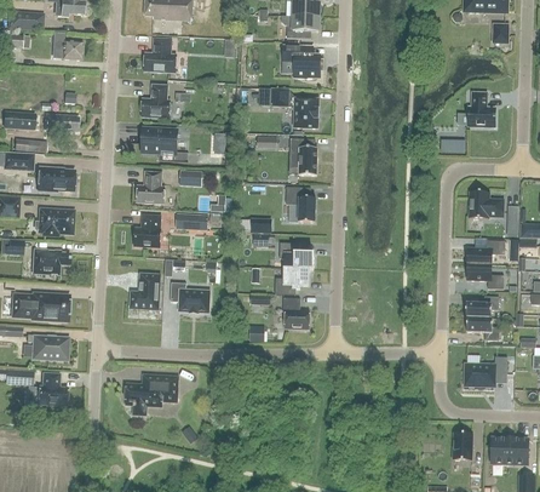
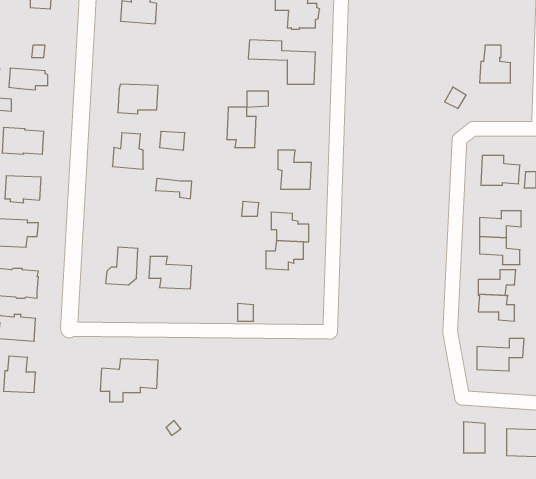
building: [142,84,171,118] -> none
building: [291,138,317,175] -> [227,107,256,148]
building: [134,214,161,246] -> none
building: [283,298,310,328] -> none

